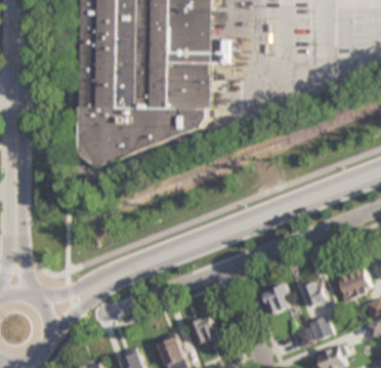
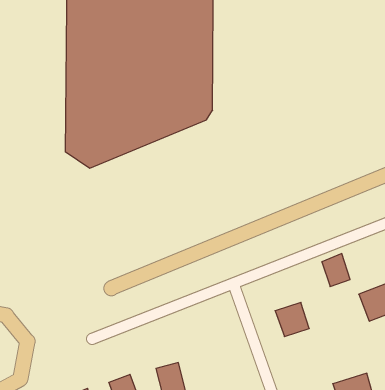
building: [304,278,329,306] -> [322,254,350,287]
building: [191,314,220,343] -> none
building: [292,316,333,346] -> none

